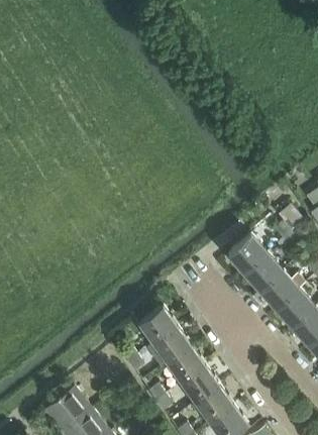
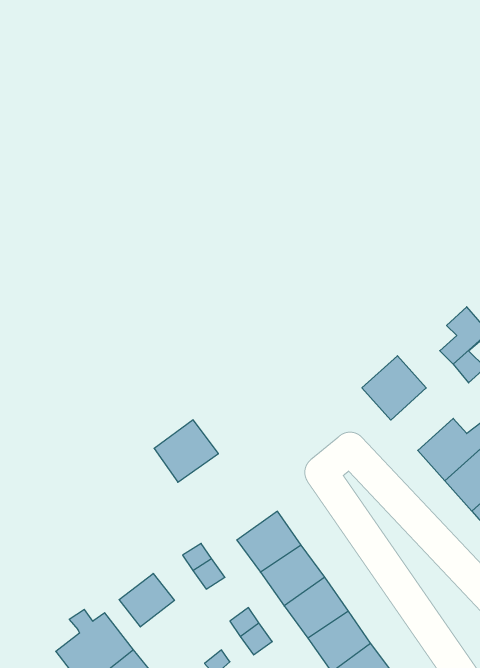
building: [245,253,283,291] -> none
building: [139,307,178,344] -> [154,420,218,482]
building: none -> [119,573,174,627]

